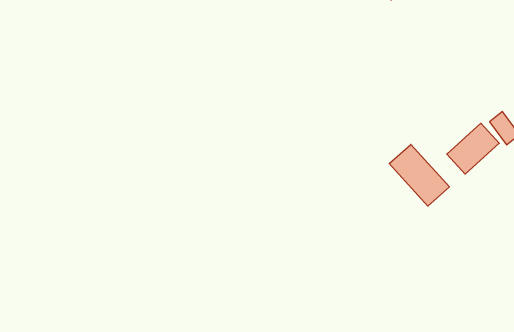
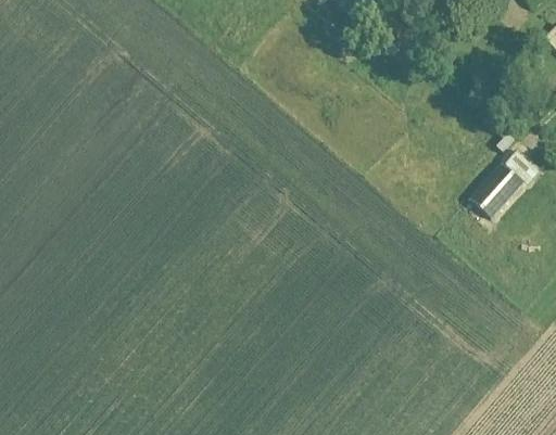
building: [389,144,449,206] -> none

